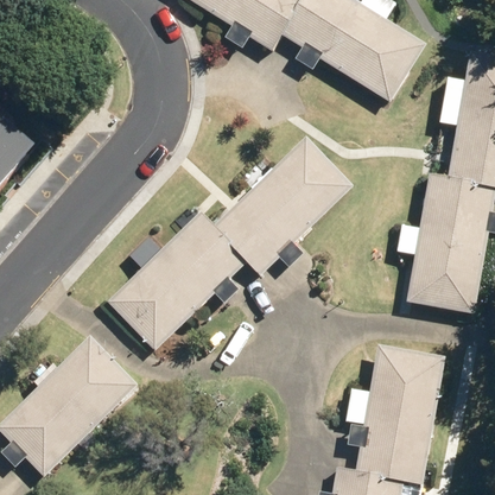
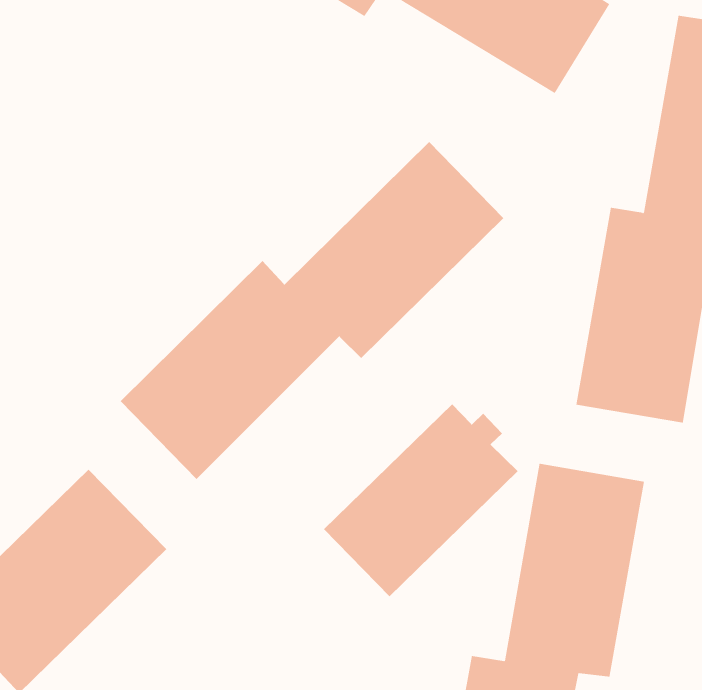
building: none -> [323,403,518,597]

